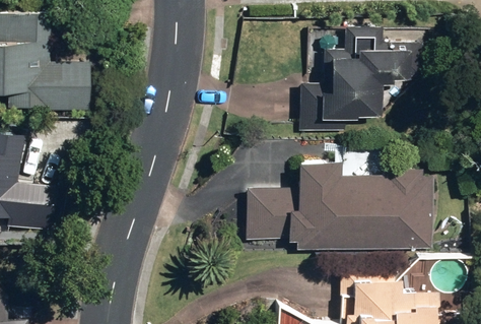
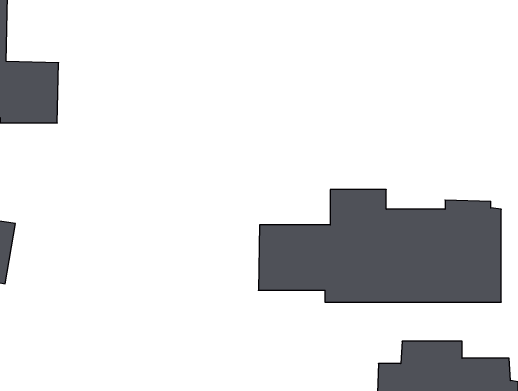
building: [295,25,421,134] -> none

